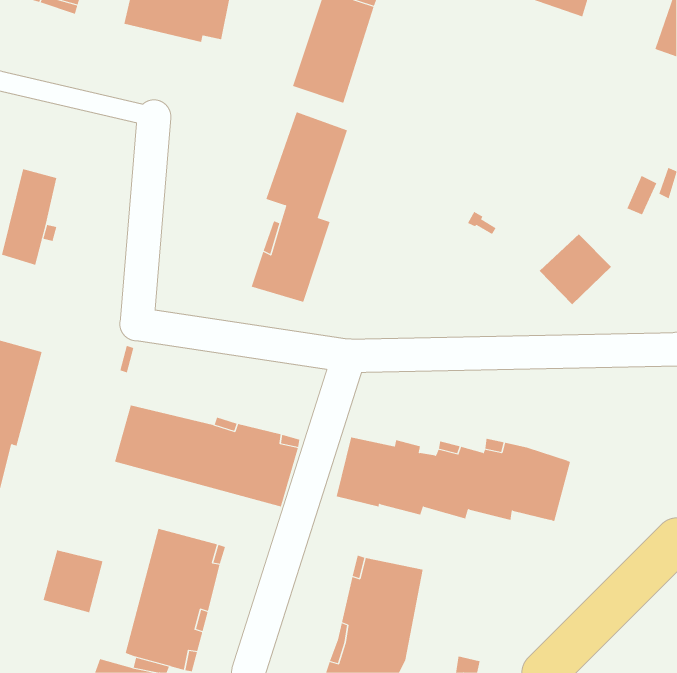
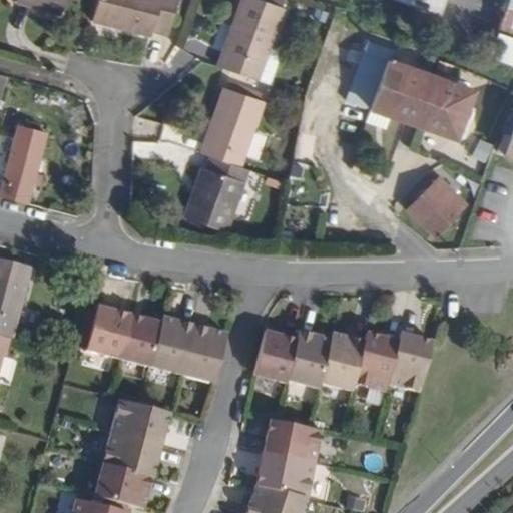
building: none -> [348,39,472,136]
building: [43,550,103,613] -> none

